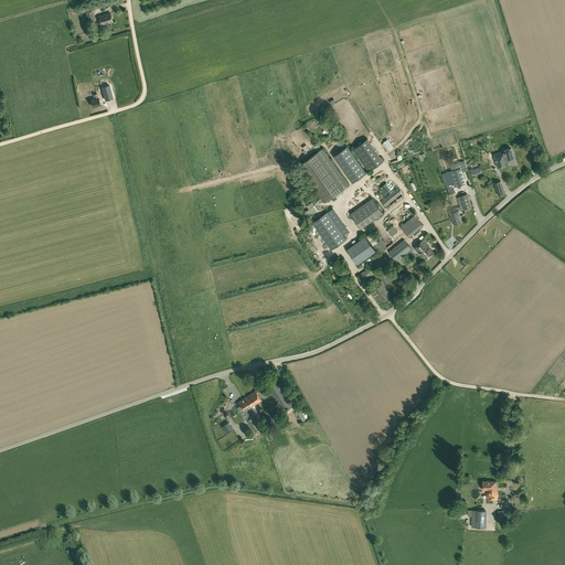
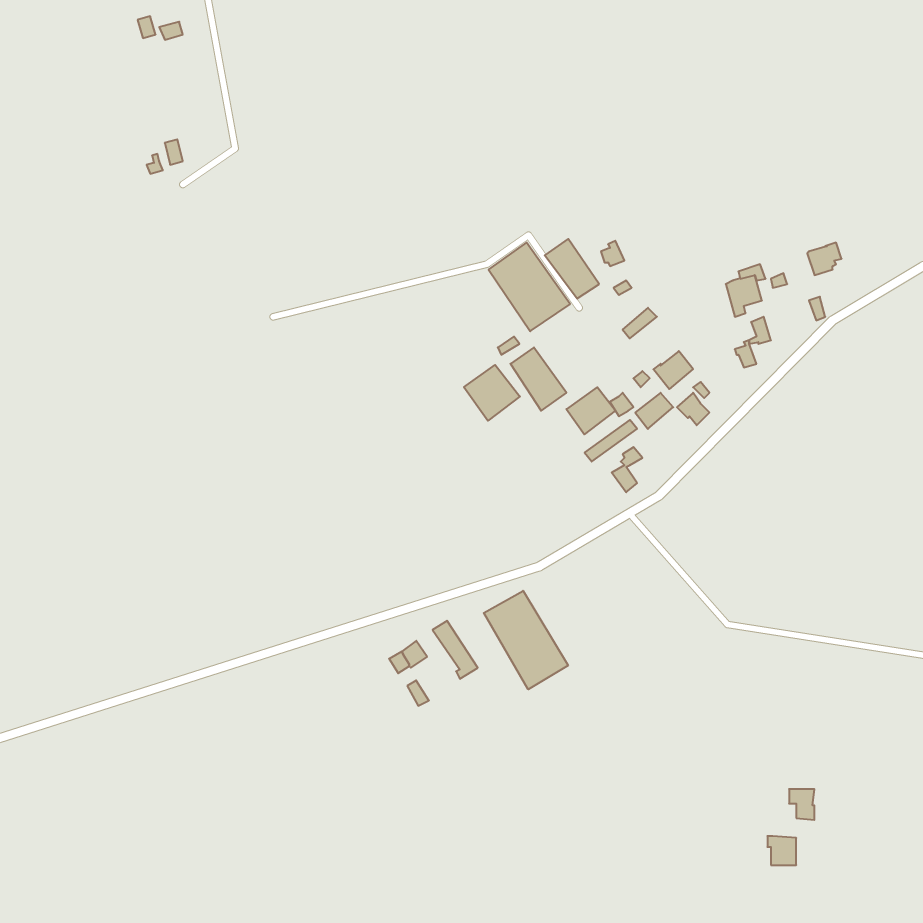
building: [349,199,382,230] -> none
building: none -> [464,365,520,421]
building: none -> [484,591,568,689]

